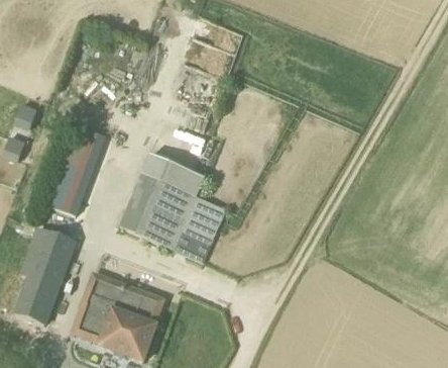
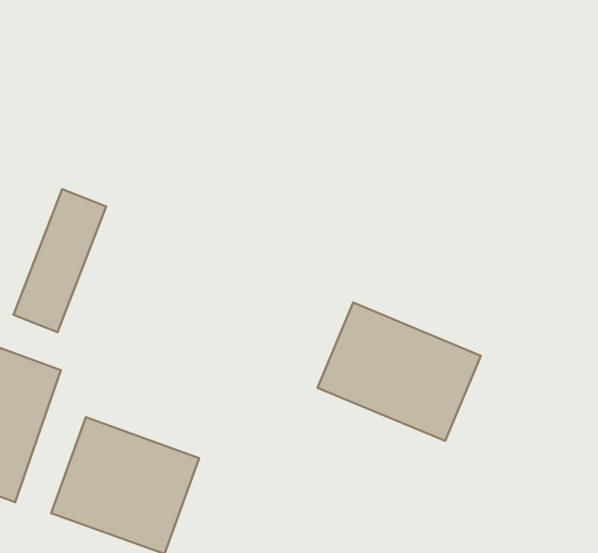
building: [120,155,226,262] -> none
building: none -> [318,303,481,441]

